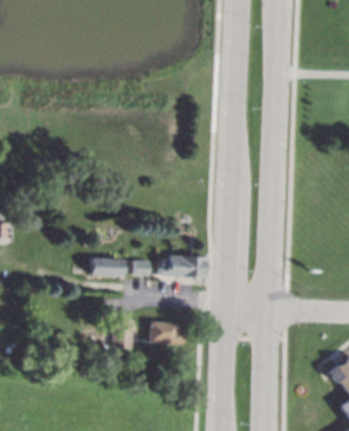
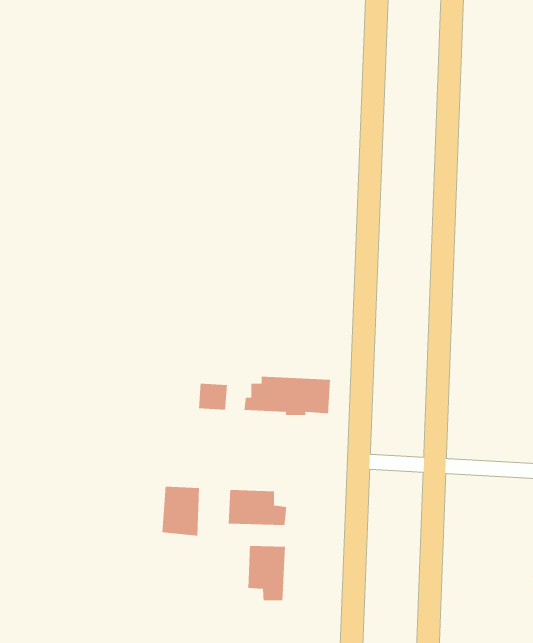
building: [90,258,122,276] -> none
building: none -> [248,545,286,601]

